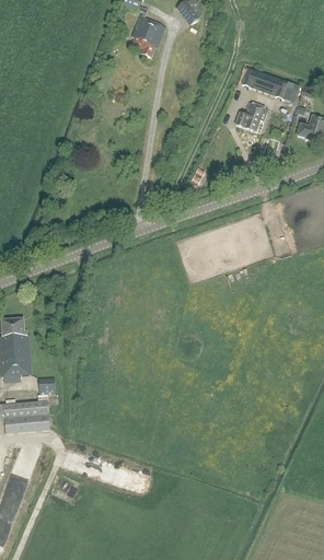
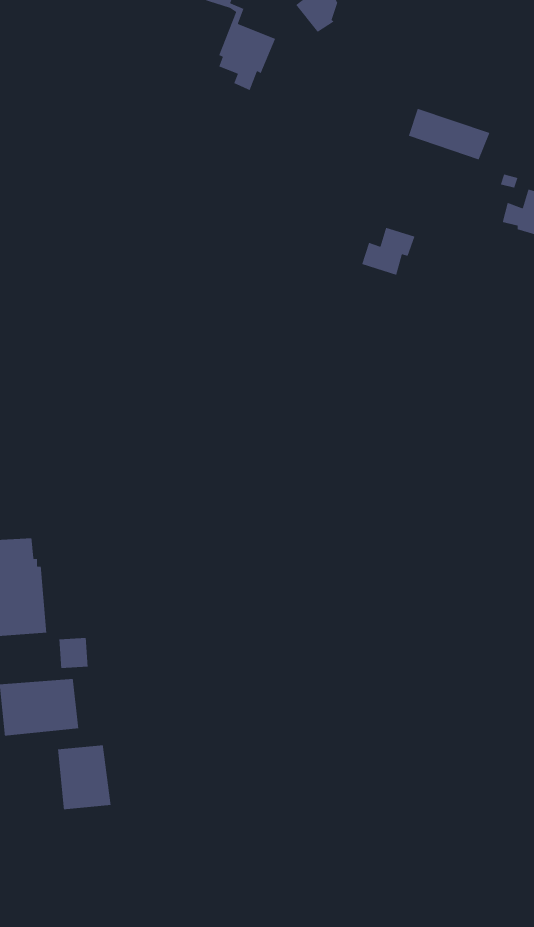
building: [234,102,266,130] -> [361,227,416,276]
building: none -> [57,745,111,810]

